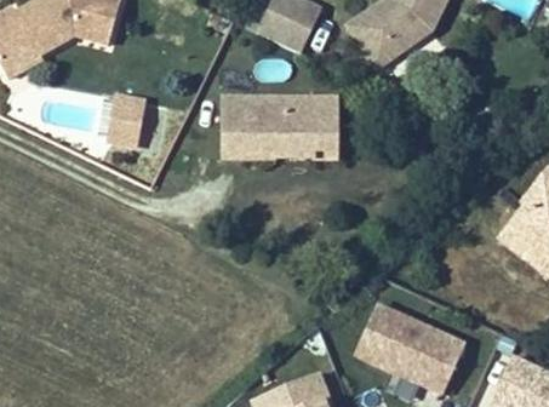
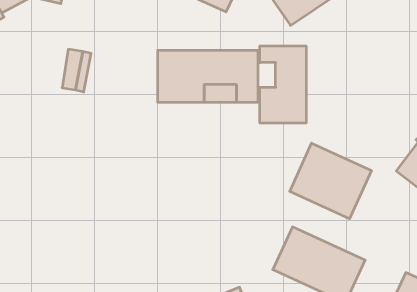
building: none -> [260,46,306,123]
building: none -> [290,143,371,219]

